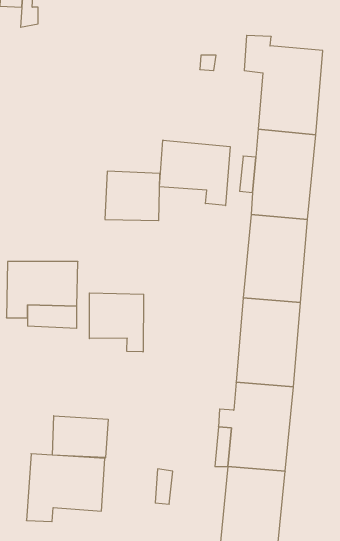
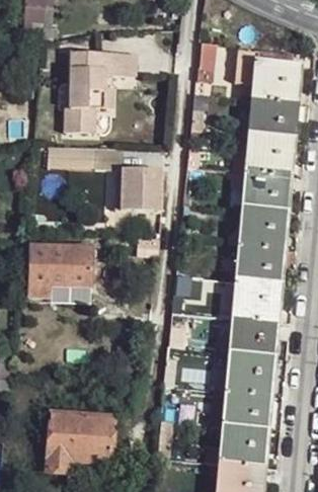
building: none -> [65,53,136,132]
building: [160,140,230,206] -> none
building: [89,293,144,352] -> none
building: [52,416,108,458] -> none

